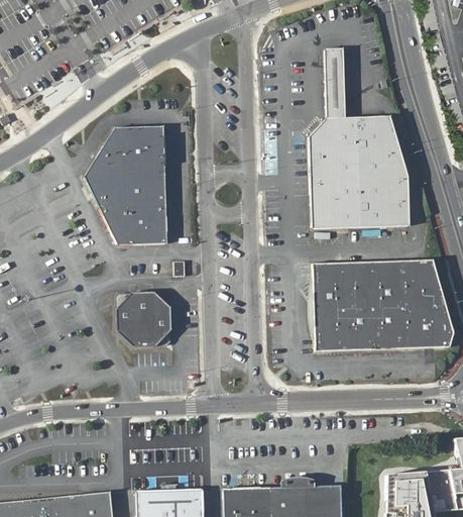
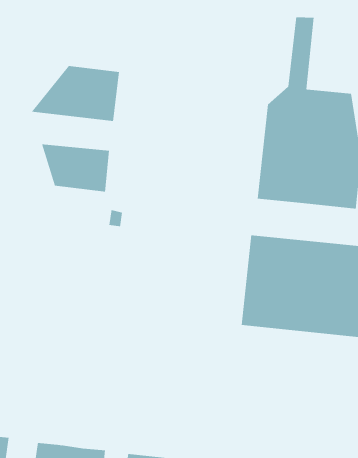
building: [85,175,165,206] -> none
building: [116,294,170,348] -> none

